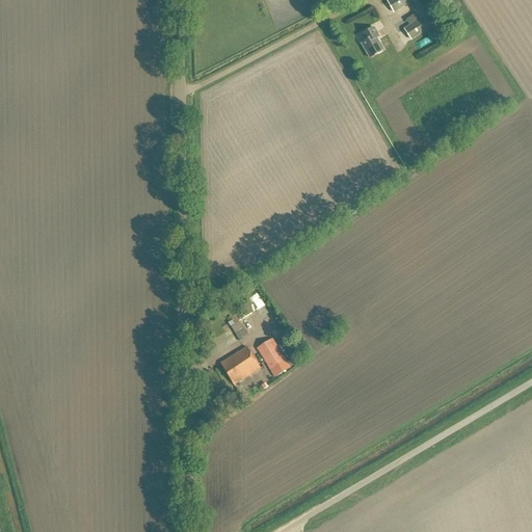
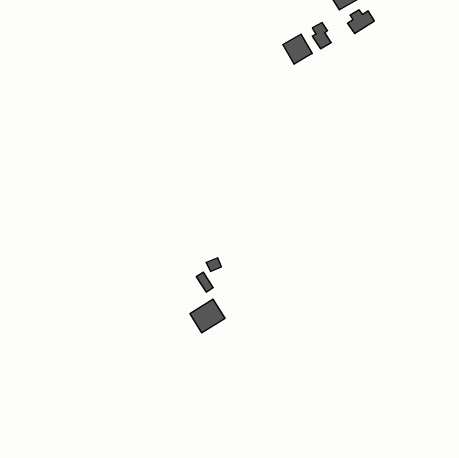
building: none -> [283,34,312,64]
building: [257,337,290,375] -> none

